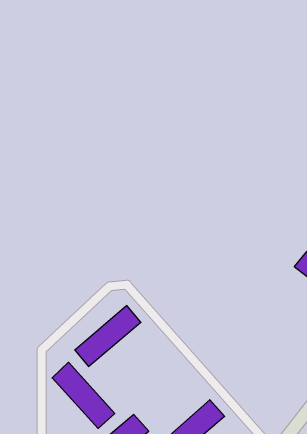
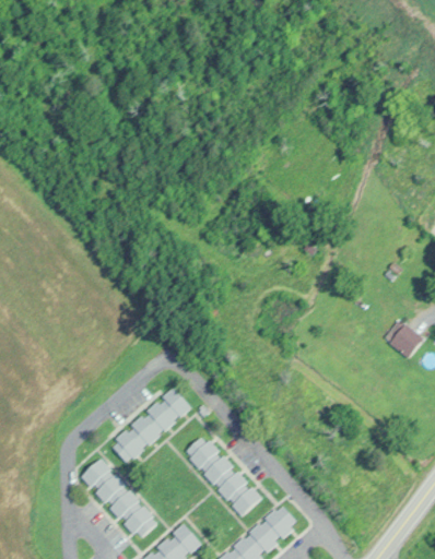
building: none -> [186,435,261,518]

